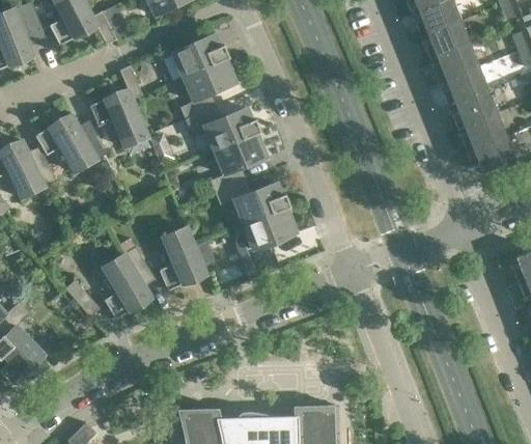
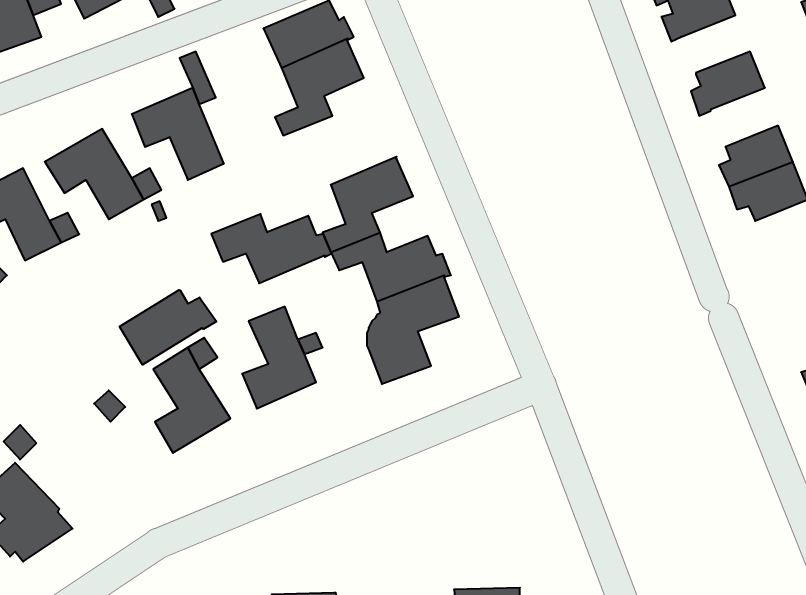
building: [434,44,480,83] -> none
building: [451,89,498,130] -> none
building: [186,107,261,150] -> [211,214,331,283]
building: none -> [120,290,216,365]

